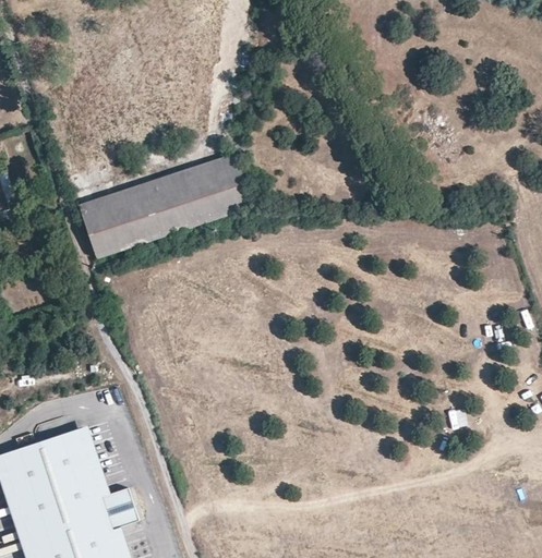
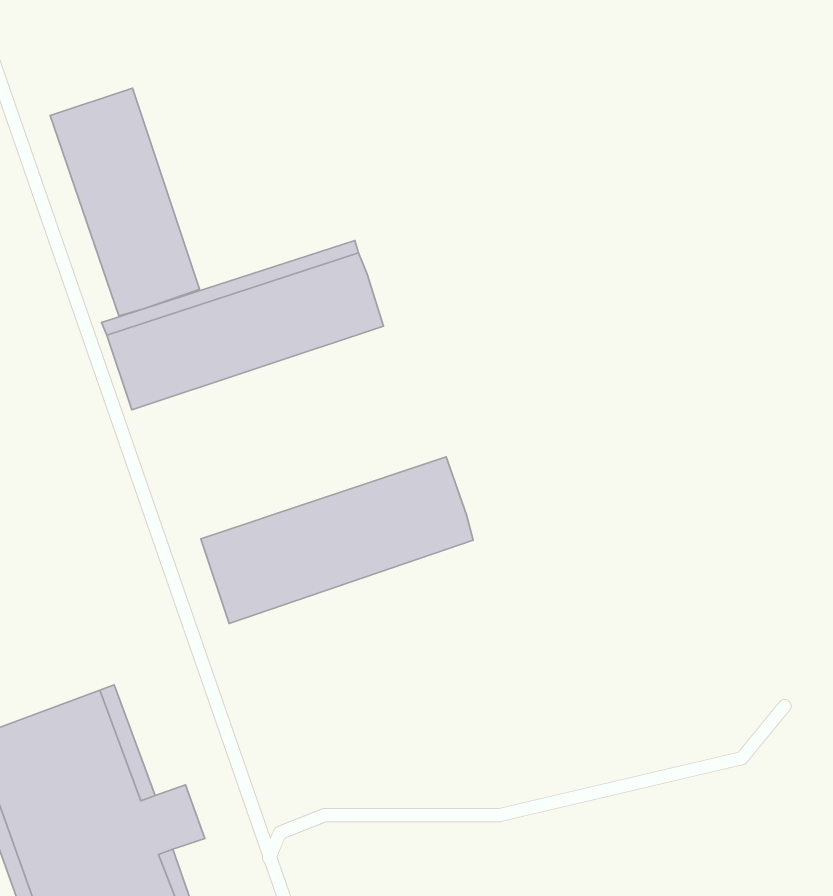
building: none -> [50,88,199,316]
building: none -> [201,457,473,624]

